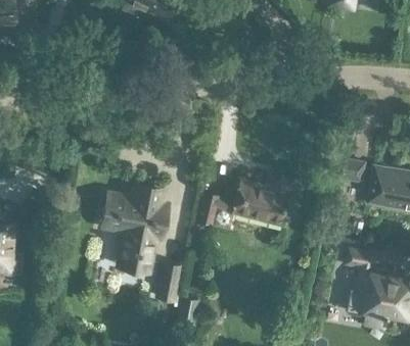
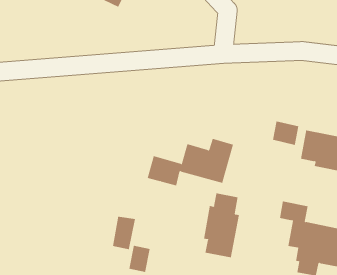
building: [96,179,166,274] -> none
building: none -> [203,193,239,258]

